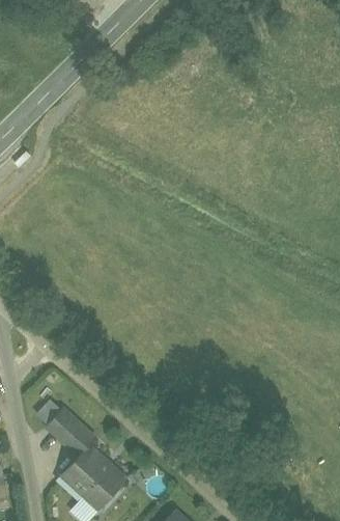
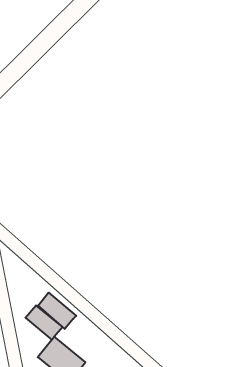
building: none -> [38,293,76,329]

